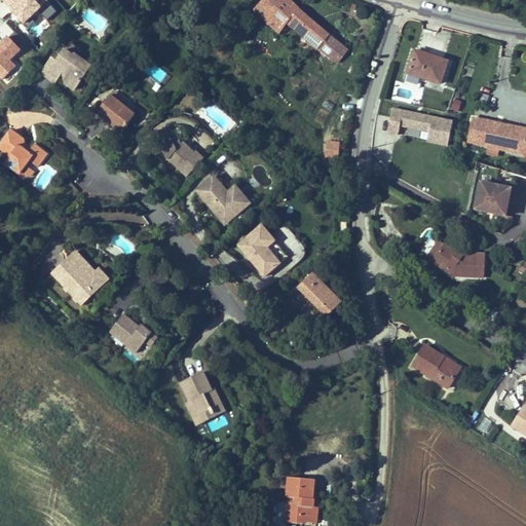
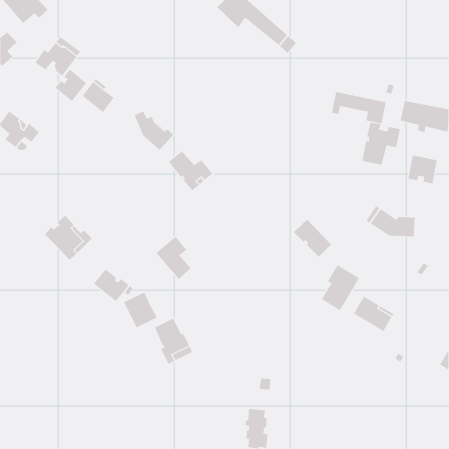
building: [407,52,447,83] -> none
building: none -> [55,68,87,102]
building: none -> [362,122,401,166]
building: [237,224,279,275] -> [155,236,192,280]
building: [296,271,341,316] -> [293,219,332,258]
building: none -> [321,264,360,311]
building: none -> [123,292,158,328]

